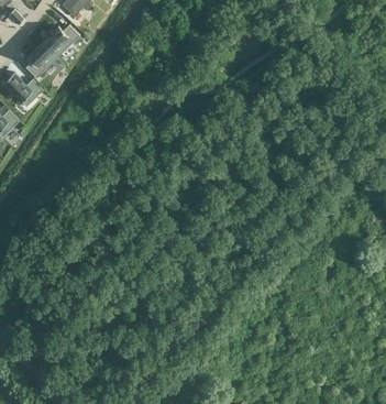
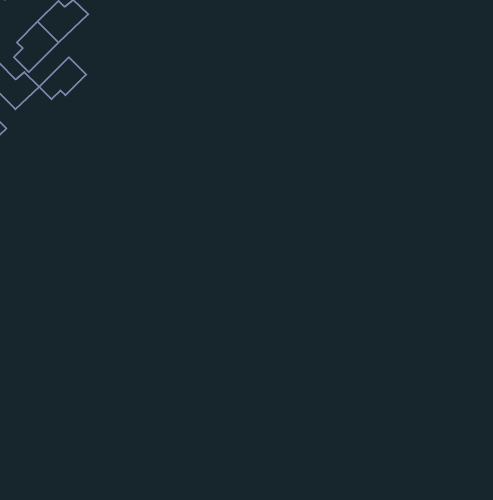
building: none -> [39,57,86,99]

